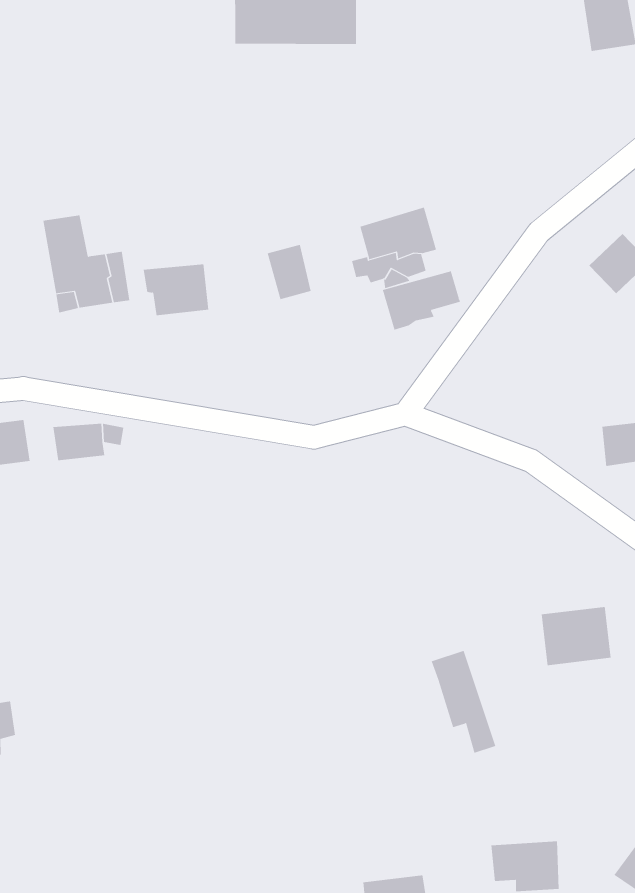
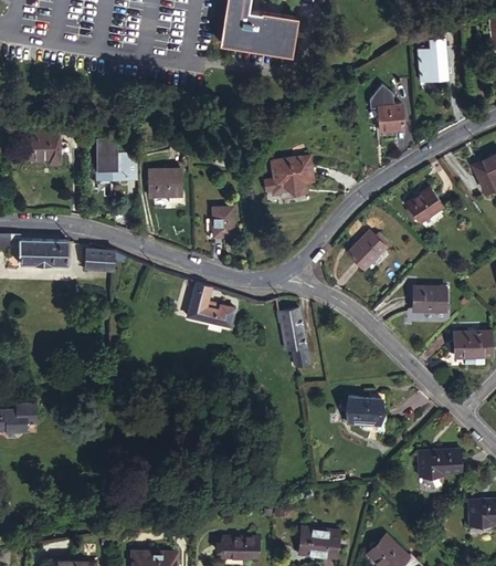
building: none -> [383,94,407,118]
building: [267,244,311,300] -> [212,205,234,234]
building: [382,270,461,330] -> none
building: none -> [346,231,384,270]
building: none -> [186,281,234,327]
building: [431,650,496,754] -> [279,307,309,367]

